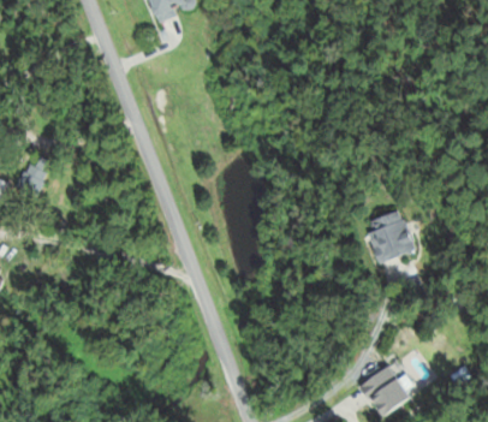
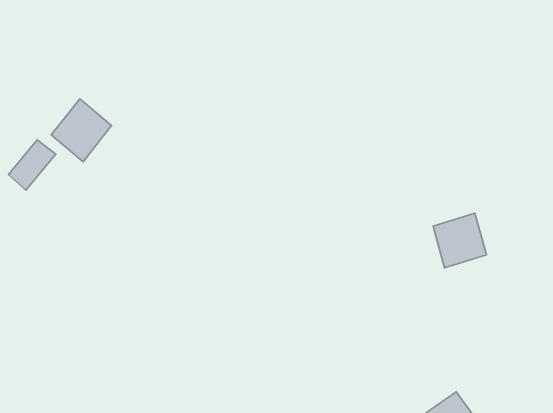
building: none -> [51,99,112,162]

